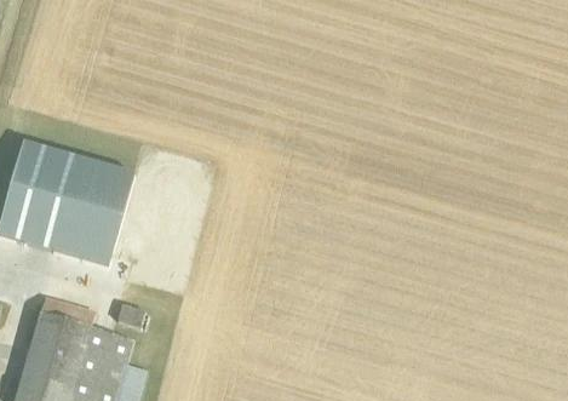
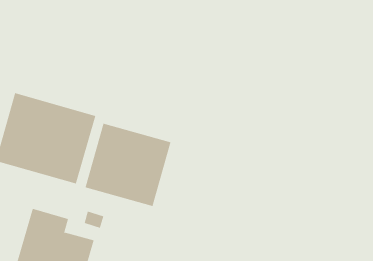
building: none -> [85,123,171,207]

